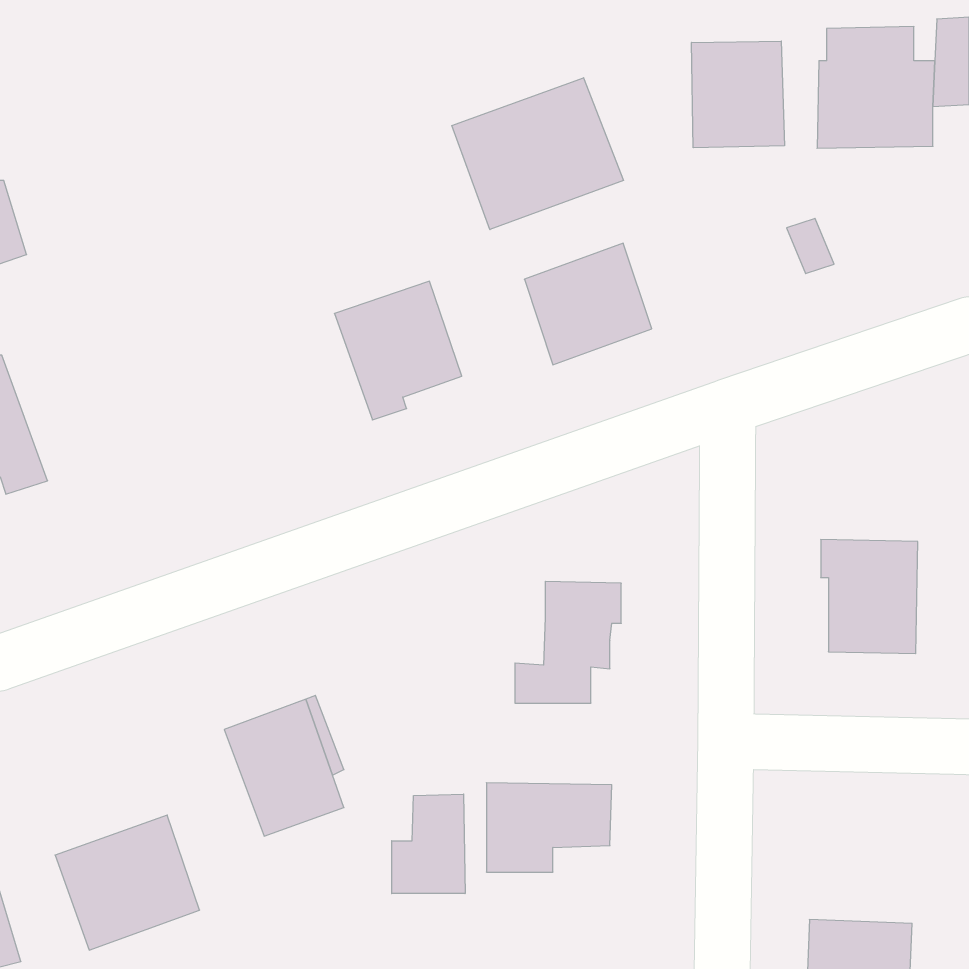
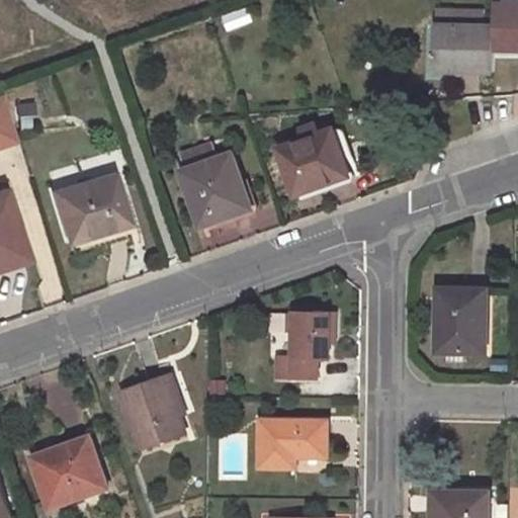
building: [692,41,784,148] -> none
building: [452,78,623,230] -> none
building: none -> [48,176,120,243]
building: [392,794,465,894] -> none

